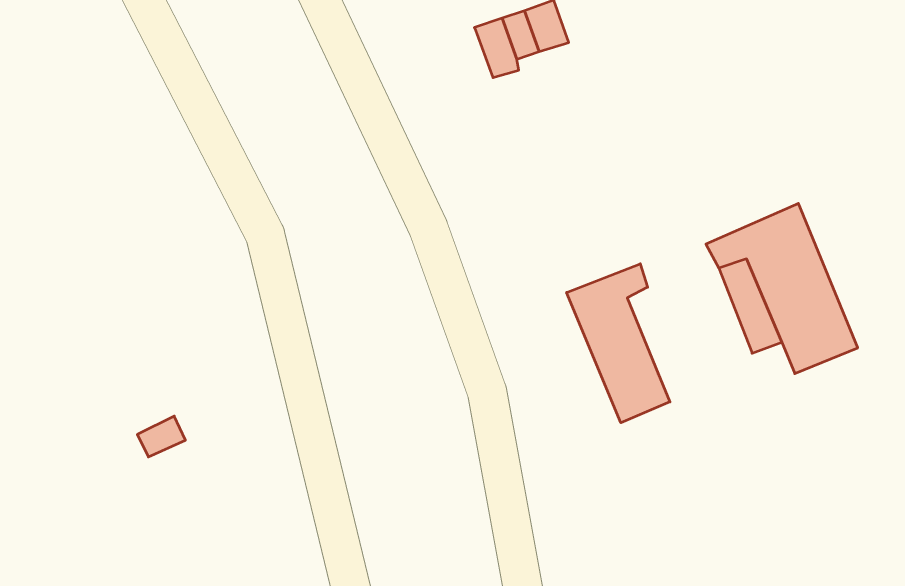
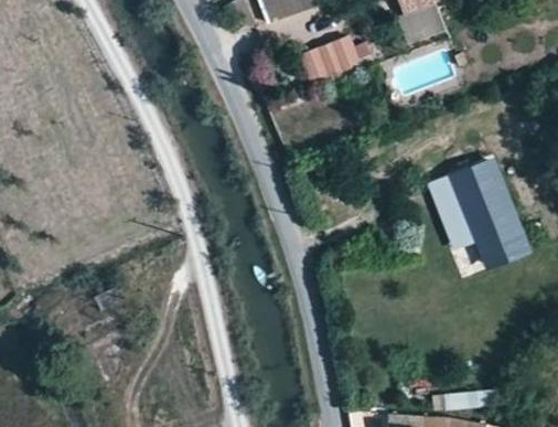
building: [567,264,670,423] -> none

